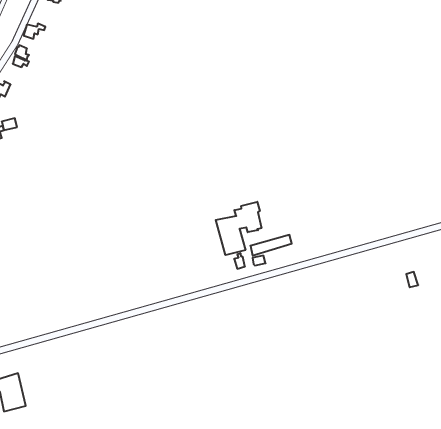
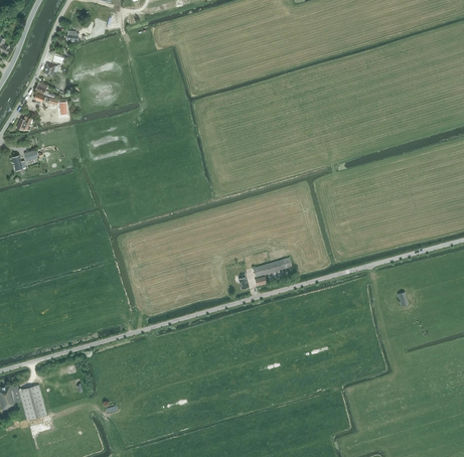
building: [216,202,261,255] -> none

